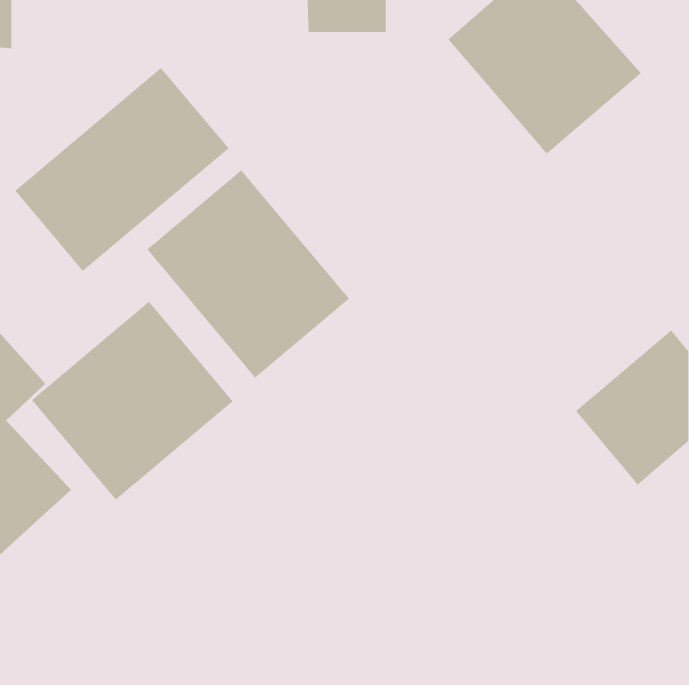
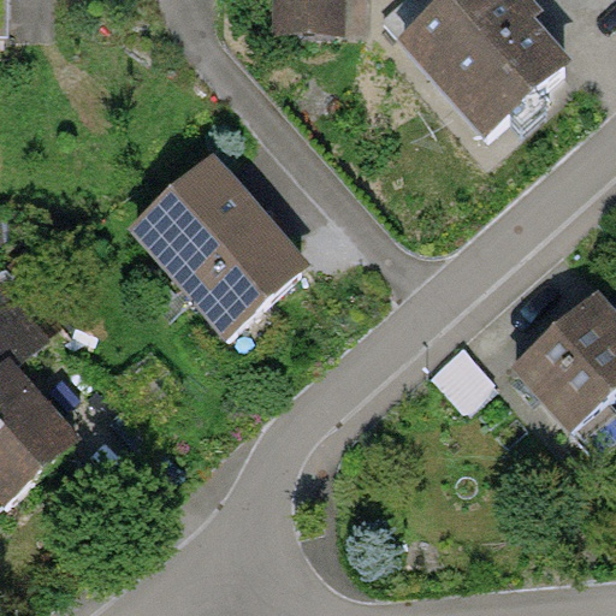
building: [15,67,229,272] -> none
building: [31,301,233,501] -> none

